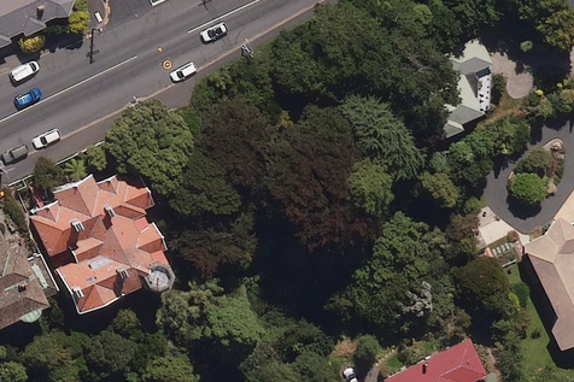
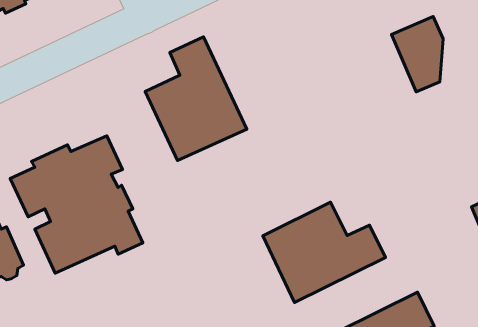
building: none -> [145,37,247,160]
building: none -> [263,202,385,303]

